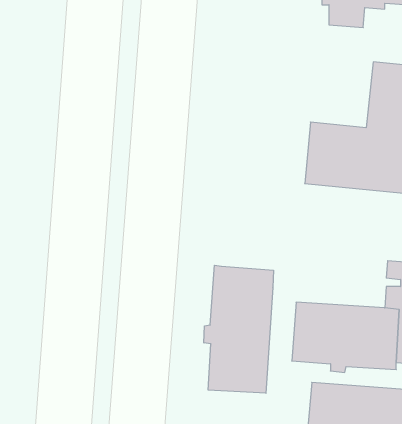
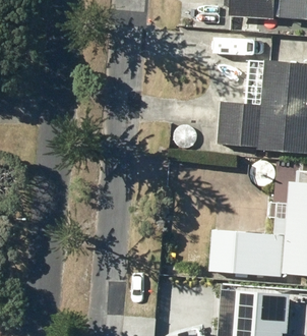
building: [204,265,273,393] -> none

